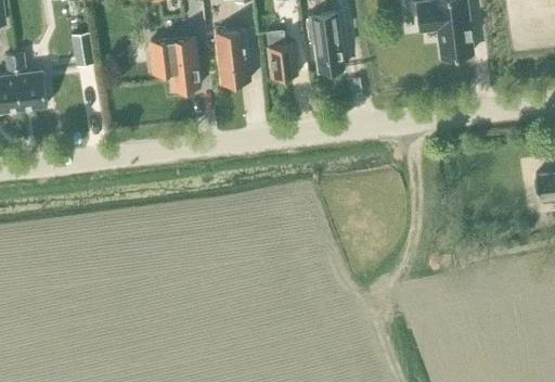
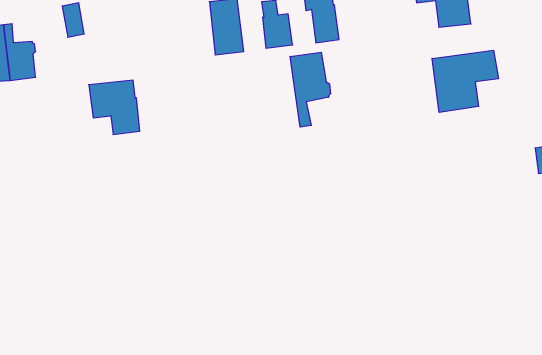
building: [150,38,199,91] -> [89,80,140,135]
building: none -> [432,50,498,112]
building: none -> [290,52,331,127]

